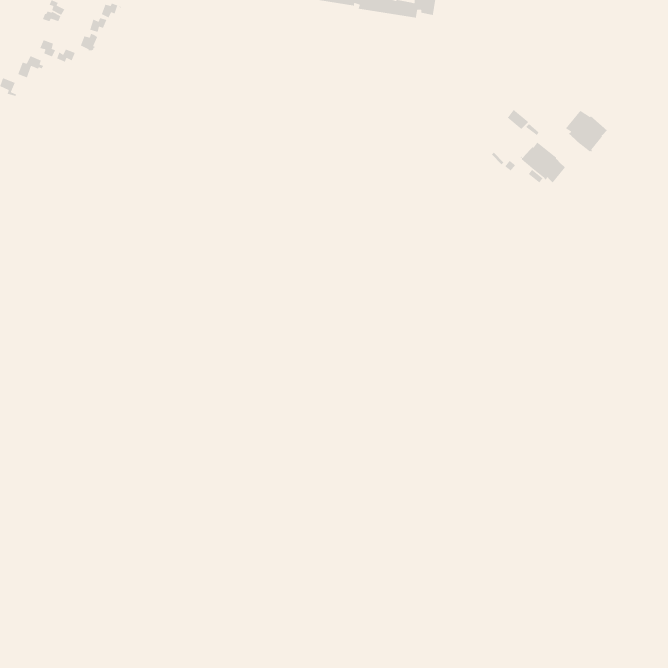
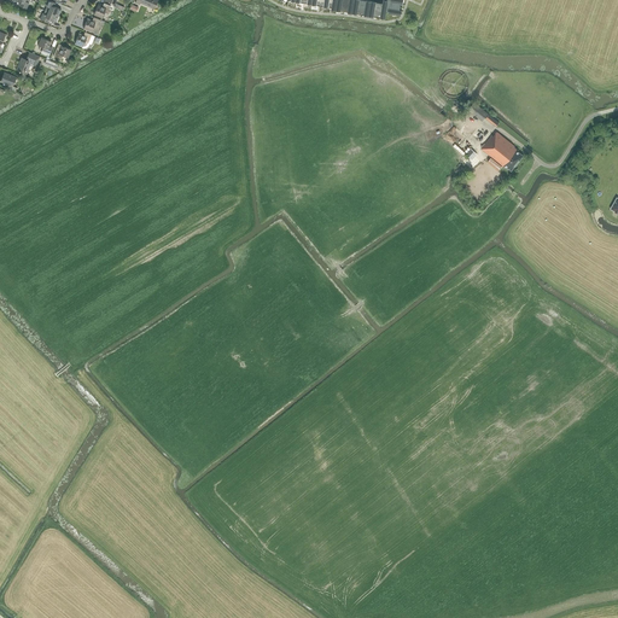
building: [565,110,608,153] -> none

